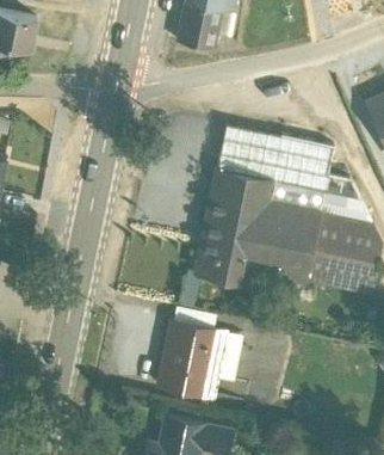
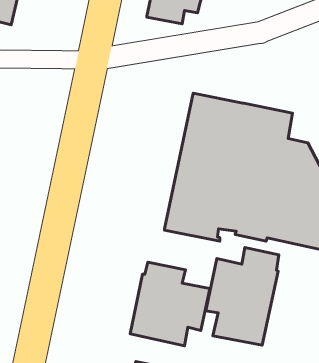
building: none -> [206,247,279,345]

